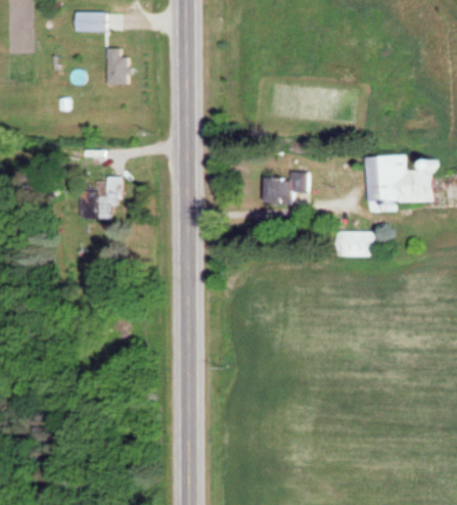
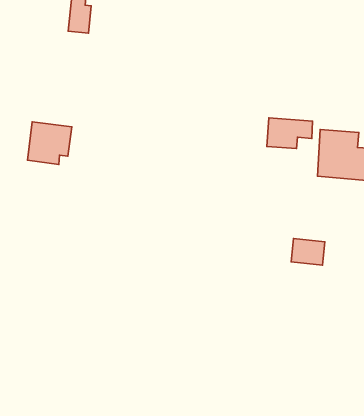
building: [261,175,306,204] -> [267,118,312,148]
building: [344,232,375,256] -> [291,239,325,265]

